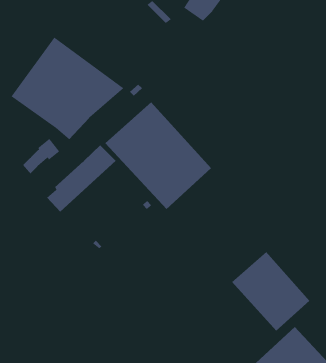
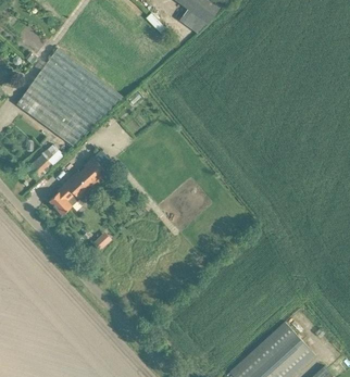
building: [104,101,212,210] -> none
building: [231,251,310,331] -> none

